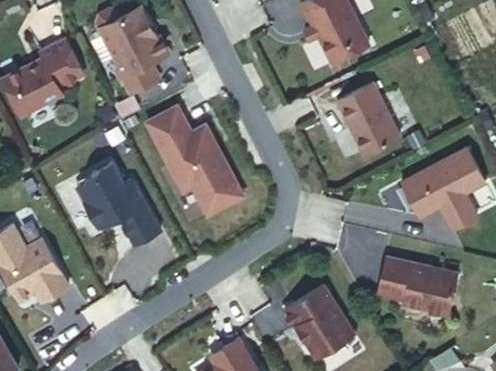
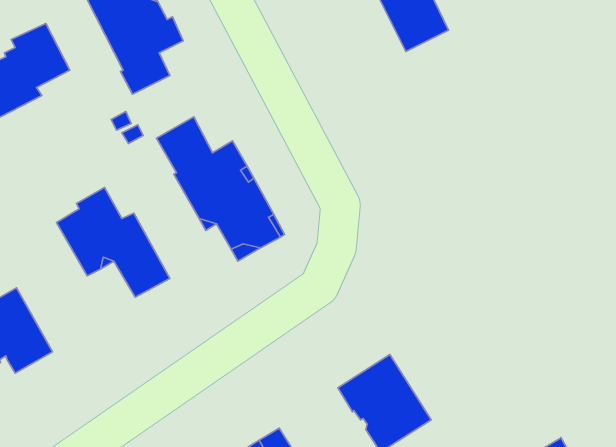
building: [335,82,399,154] -> none
building: [398,149,481,230] -> none
building: [377,256,458,314] -> none

